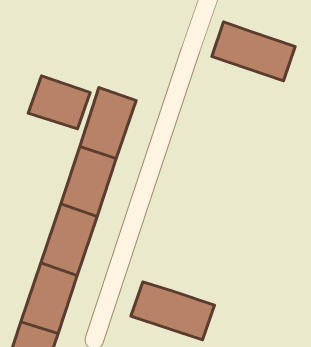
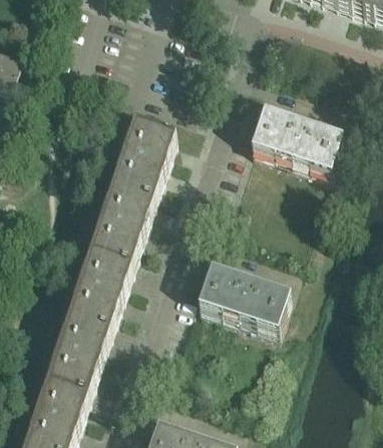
building: [212,22,295,81] -> [249,112,341,177]
building: [28,76,90,129] -> none
building: [131,282,214,340] -> [196,271,288,335]

